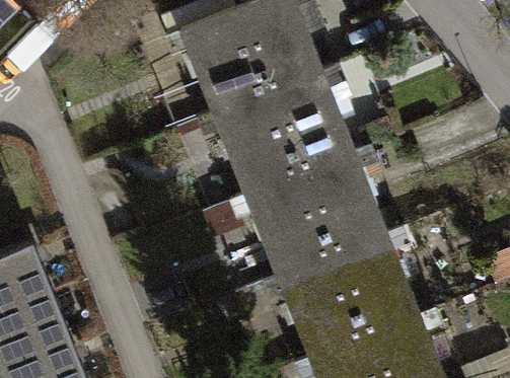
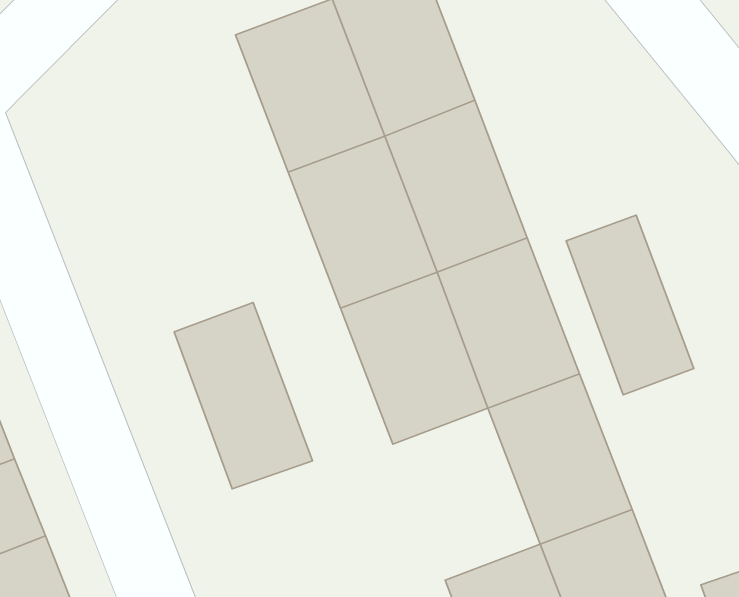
building: none -> [566,215,694,395]
building: none -> [174,302,313,489]
building: [277,258,368,365] -> none

